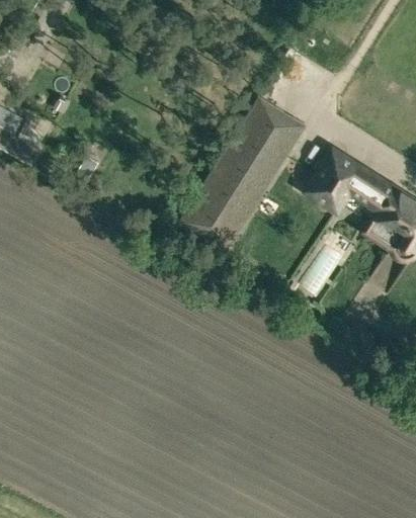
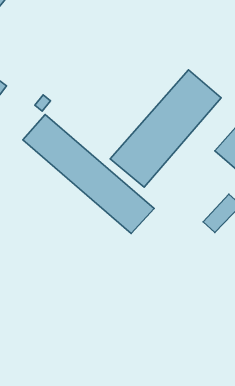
building: none -> [23,115,154,234]

